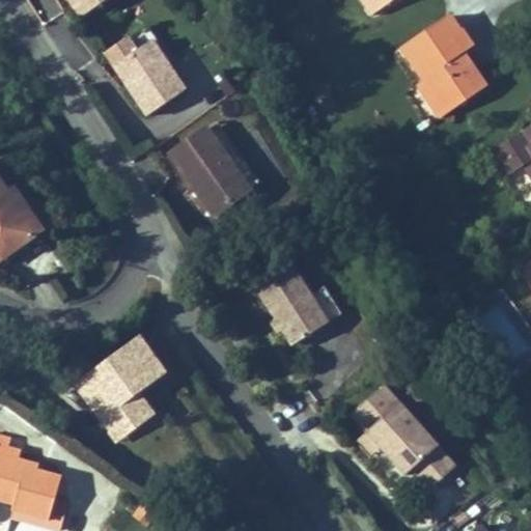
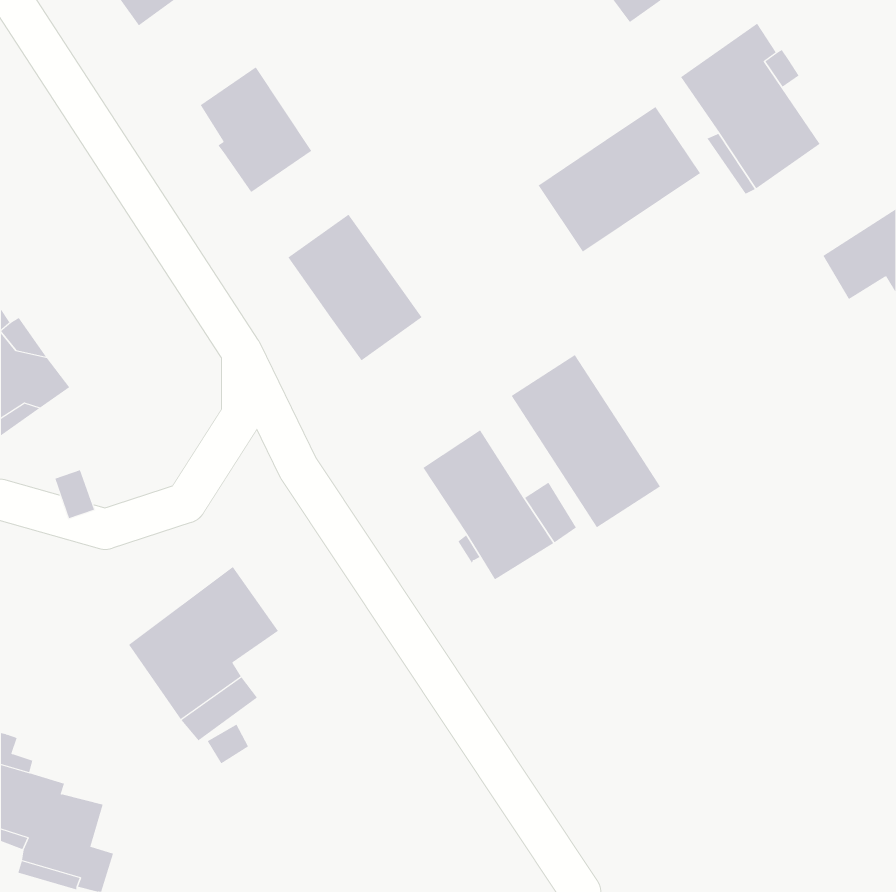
building: [106,24,156,86] -> none
building: none -> [538,106,701,253]
building: none -> [511,354,661,528]
building: [352,384,454,487] -> none

